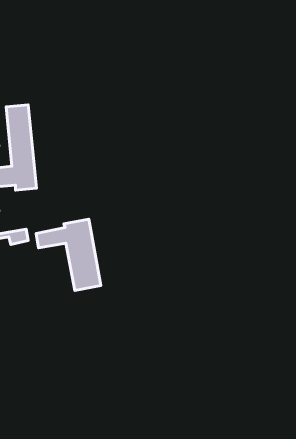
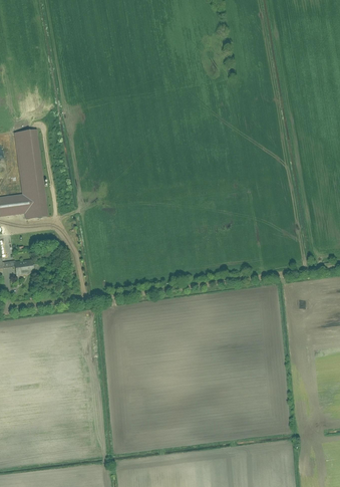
building: [36,219,101,290] -> none

